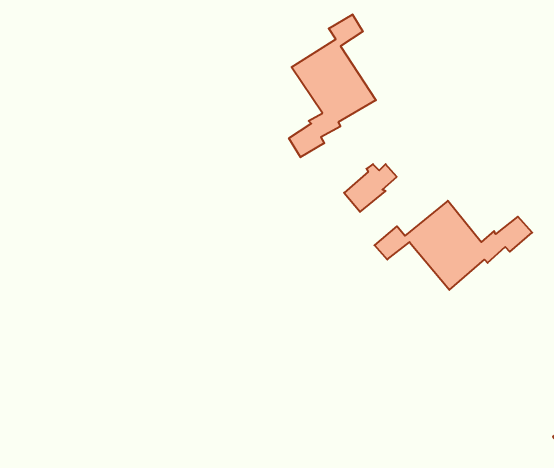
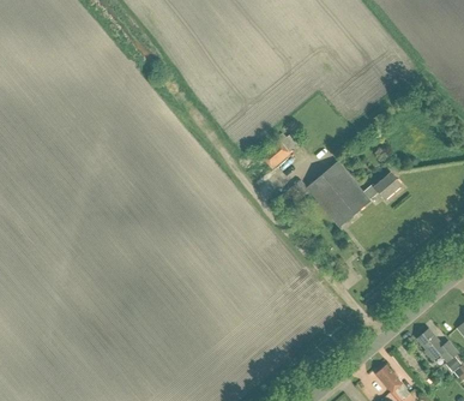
building: [289,14,376,157] -> none

